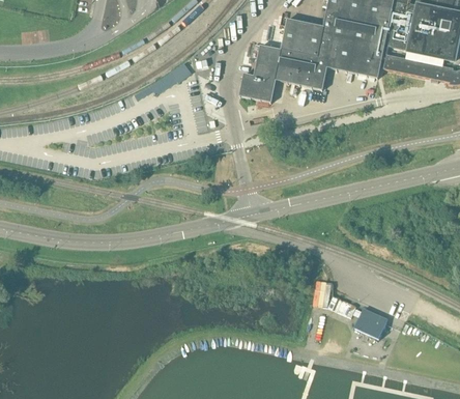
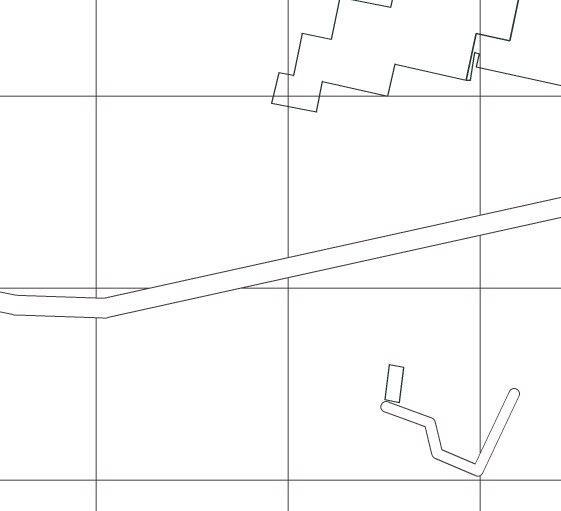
building: [355,307,387,337] -> none

